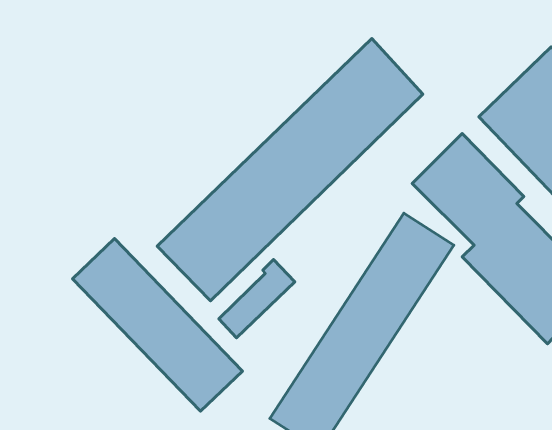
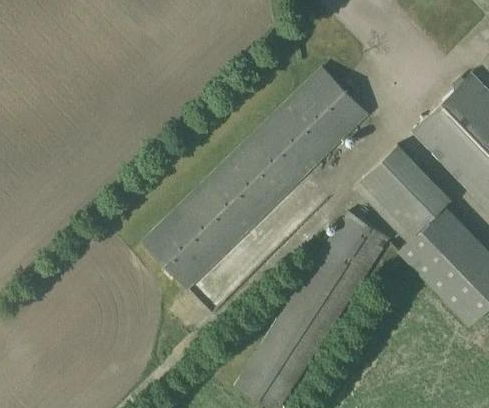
building: [73,239,243,411] -> none

